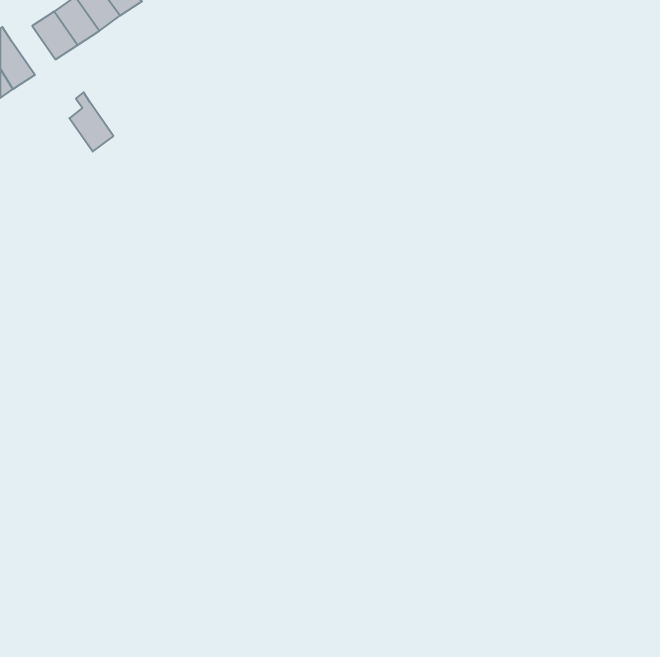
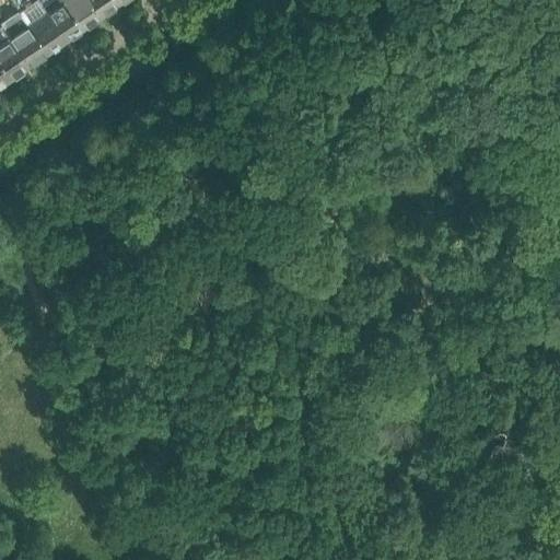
building: [69,92,113,152] -> [10,13,47,63]

